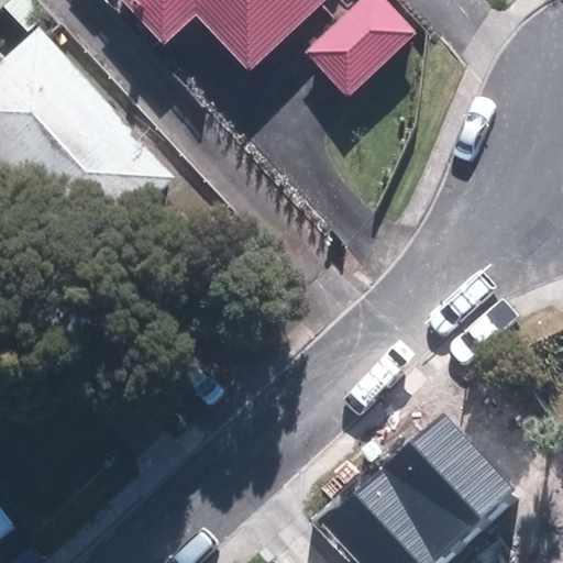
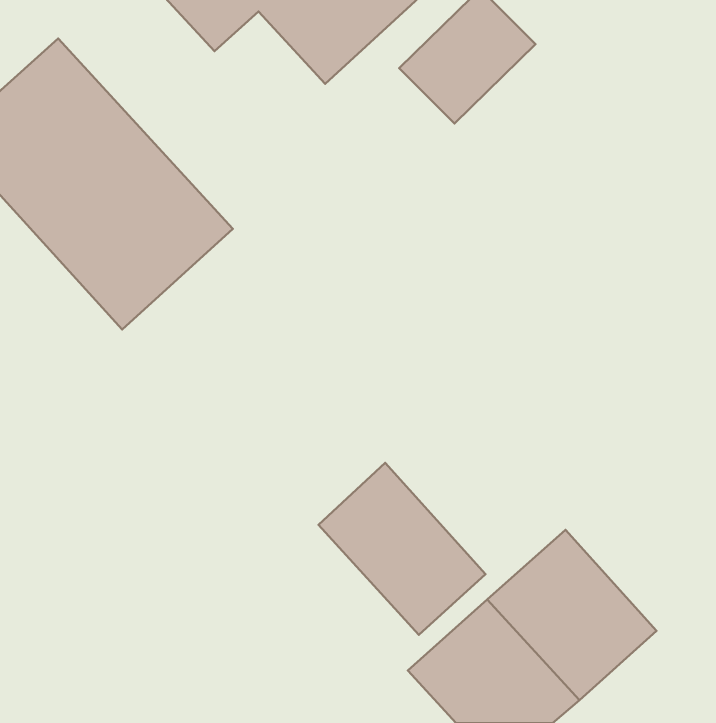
building: none -> [318,463,486,635]

